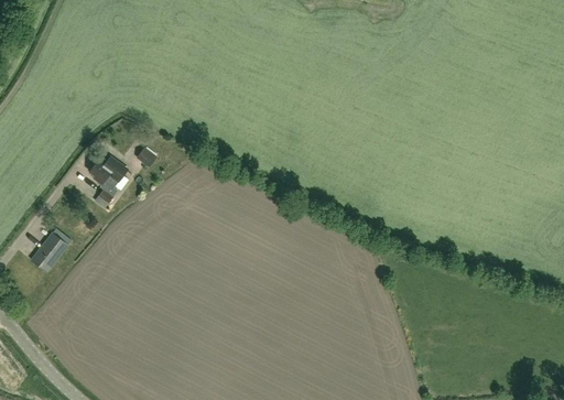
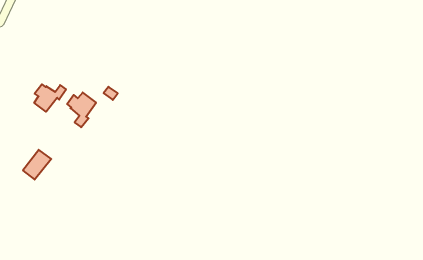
building: none -> [34,84,66,112]

